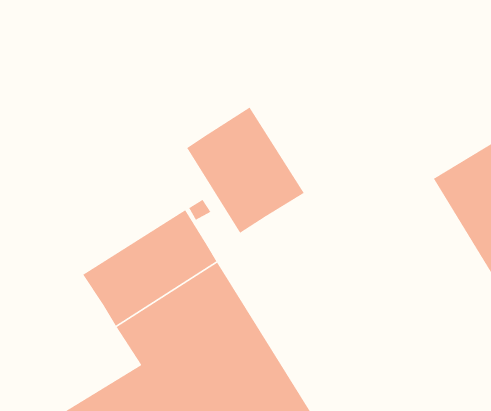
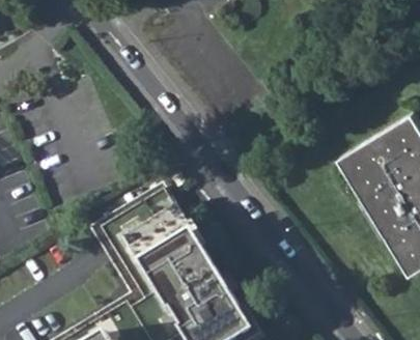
building: [186,106,305,234] -> none

